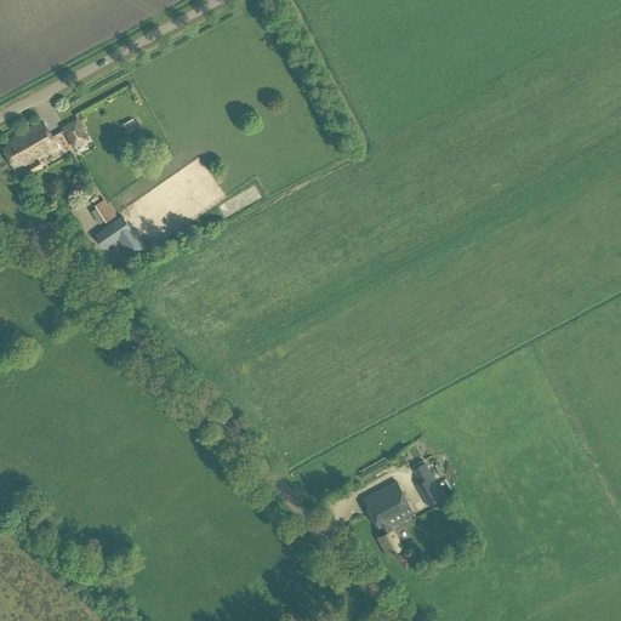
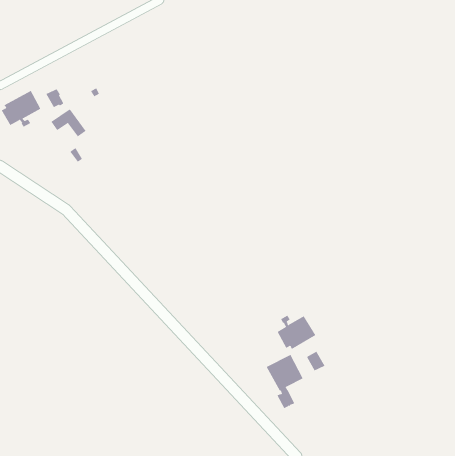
building: [95,217,143,256] -> [51,109,86,137]
building: none -> [277,315,316,350]

